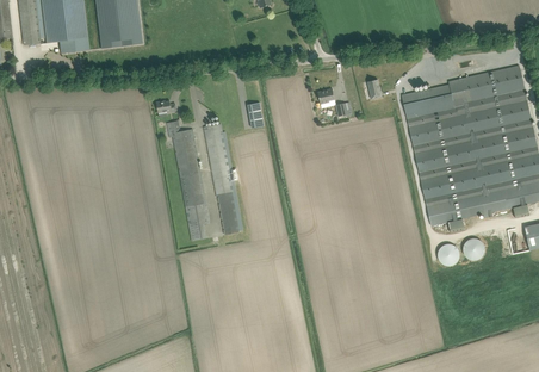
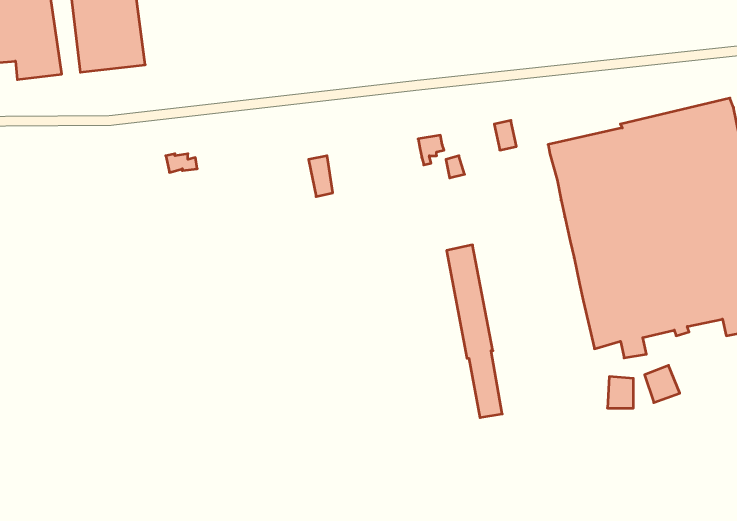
building: [167,120,210,240] -> none
building: [204,123,240,234] -> [447,245,502,418]

